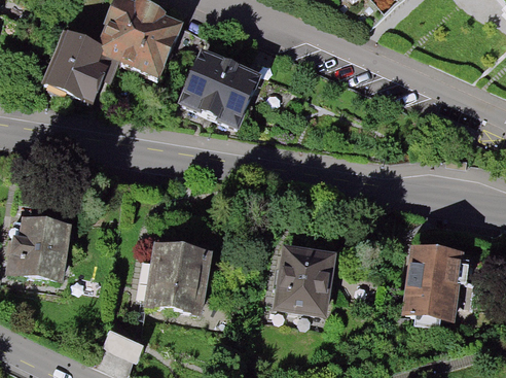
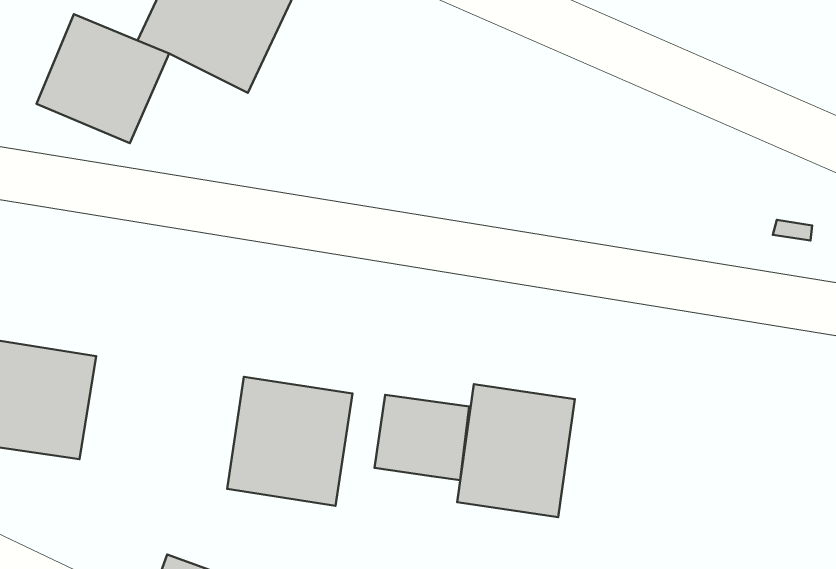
building: [173,51,257,131] -> none
building: [402,237,465,314] -> none
building: none -> [375,395,469,480]

